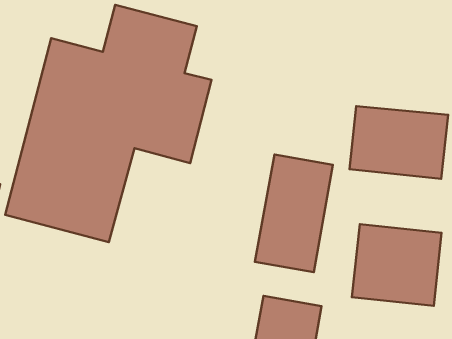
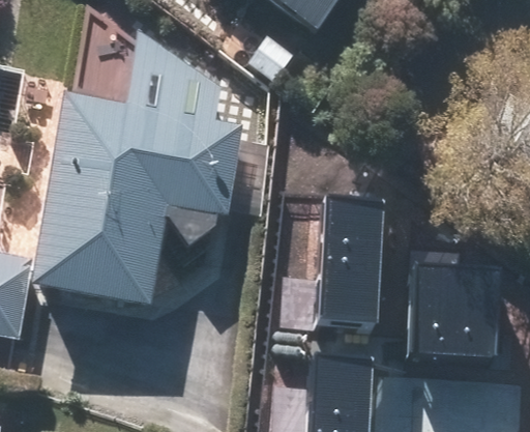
building: [350,106,448,179] -> none

